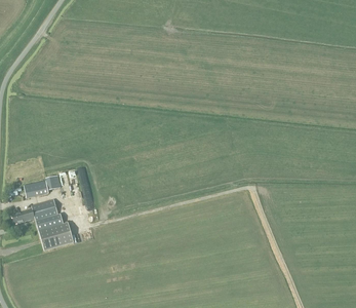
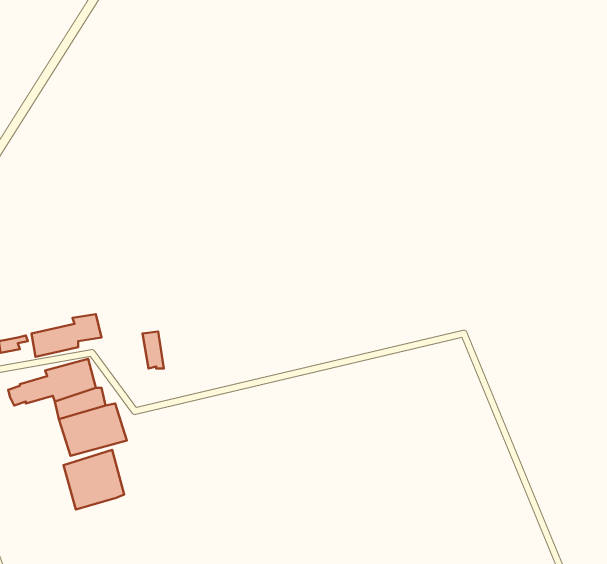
building: none -> [64,450,124,510]

